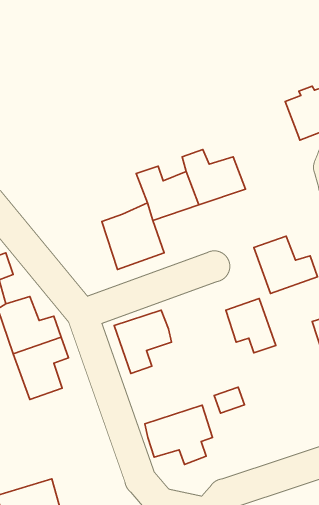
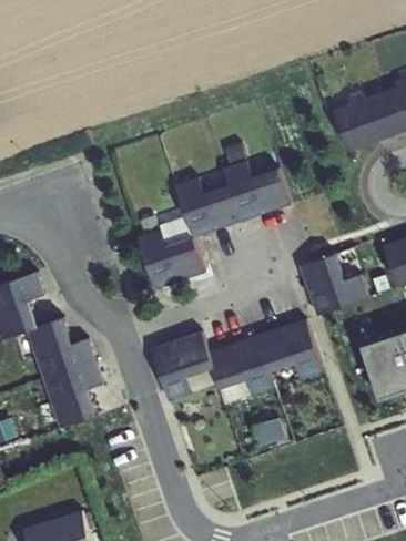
building: [145,405,213,464] -> [209,333,281,396]

